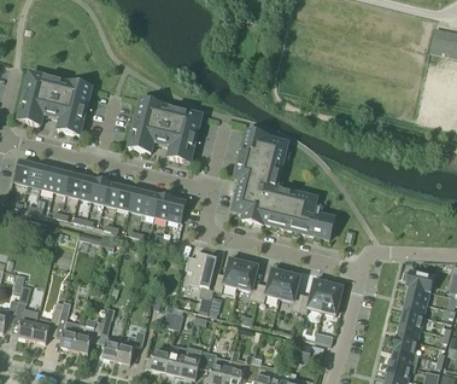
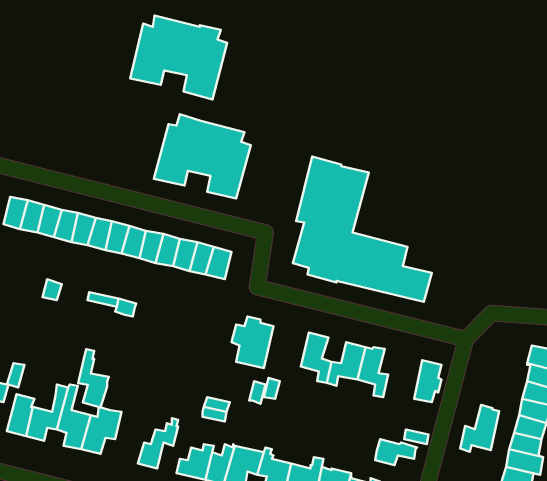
building: [18,72,90,135] -> [130,15,227,99]
building: [213,258,244,291] -> none
building: [299,278,328,313] -> [460,405,499,452]
building: [99,316,122,360] -> [78,349,109,407]

